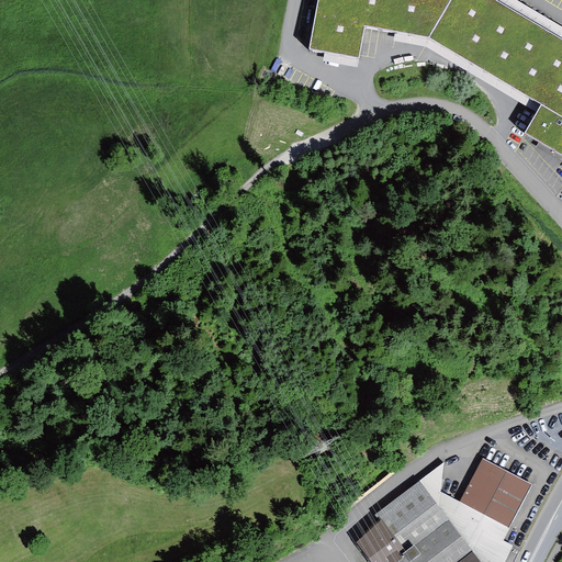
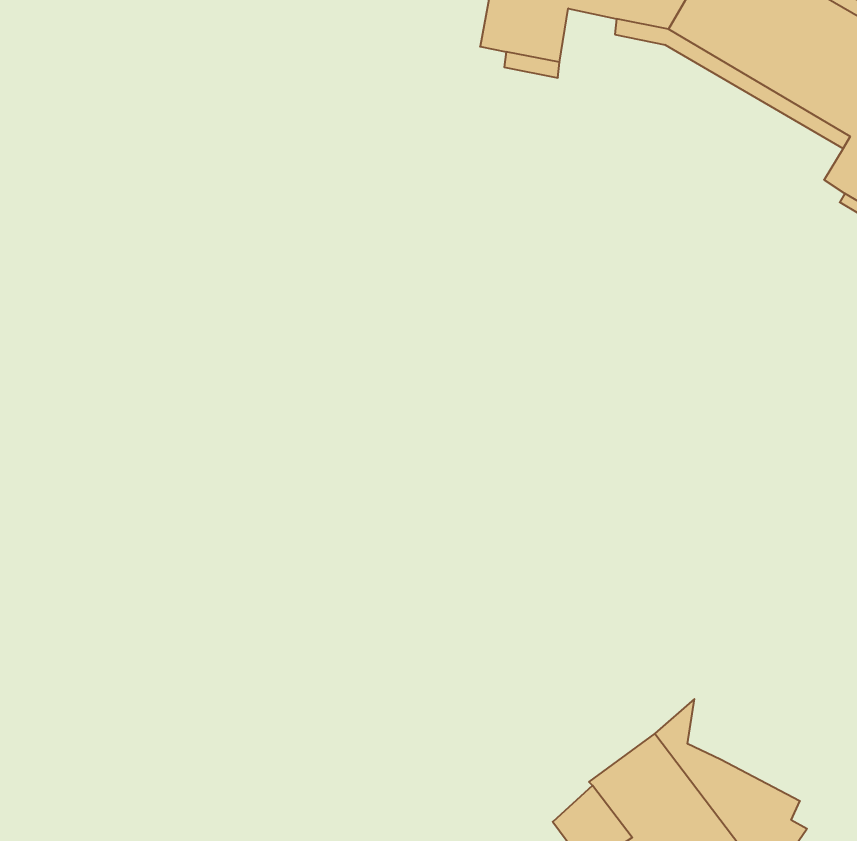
building: [464,451,537,519] -> none

